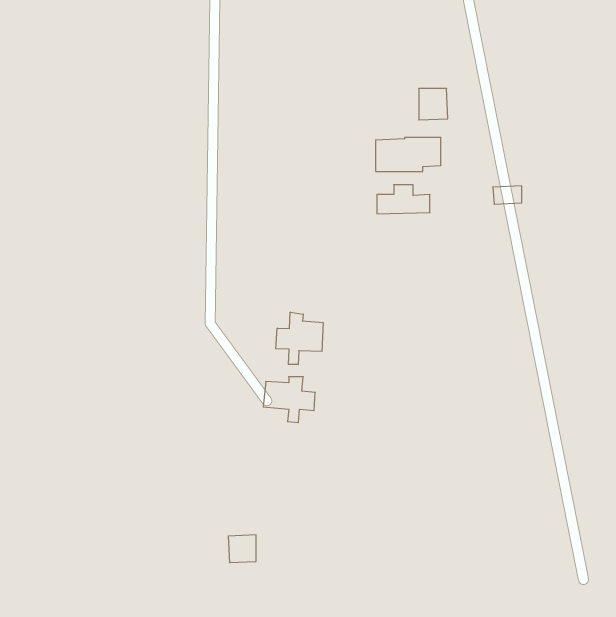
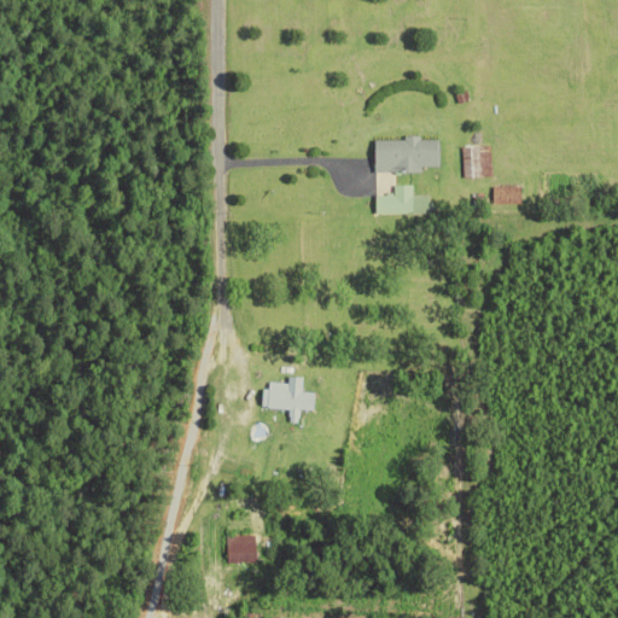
building: [419,89,448,120] -> [462,146,491,177]
building: [276,312,323,365] -> none

